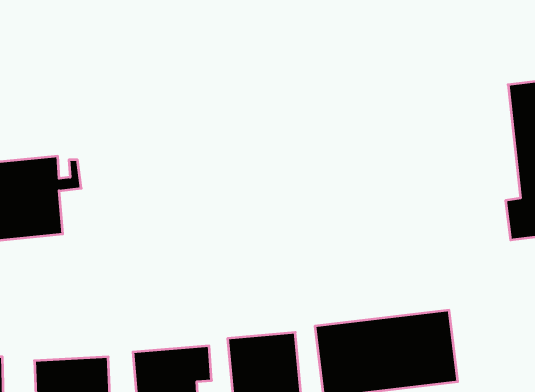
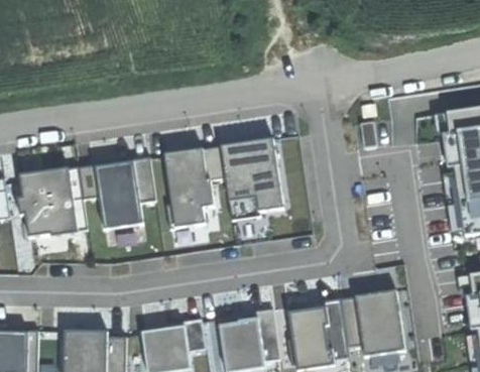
building: none -> [162,139,286,227]
building: none -> [98,160,153,228]

